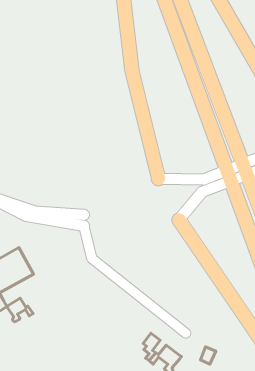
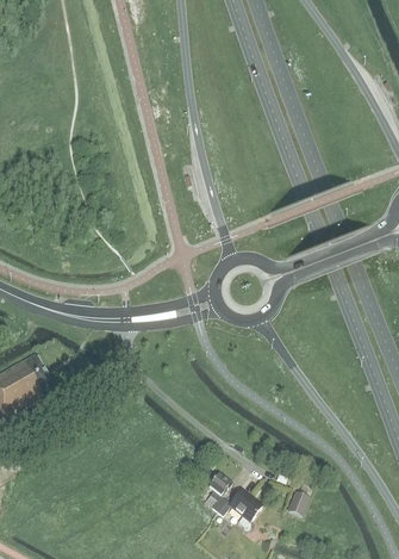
building: [7,298,33,322] -> none

